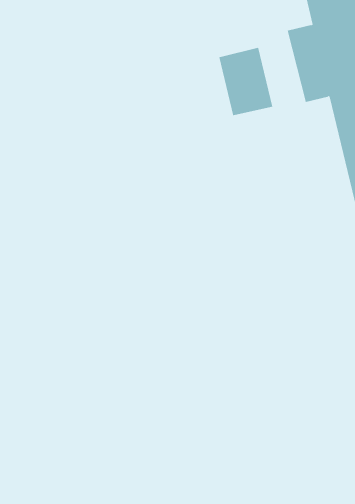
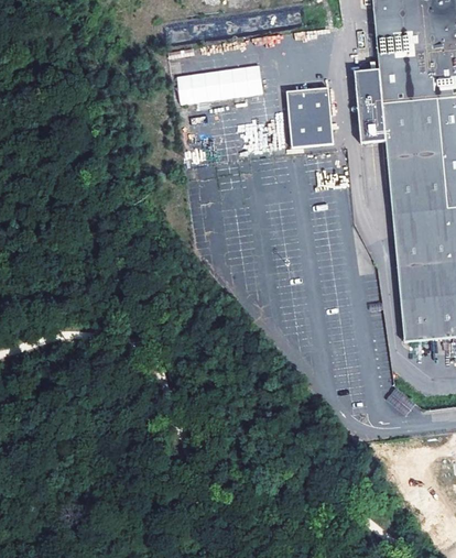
building: none -> [176,65,263,103]

